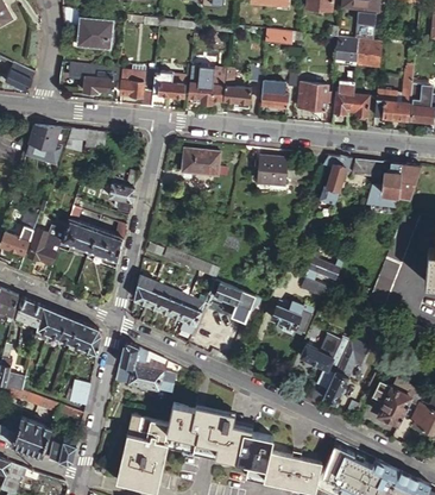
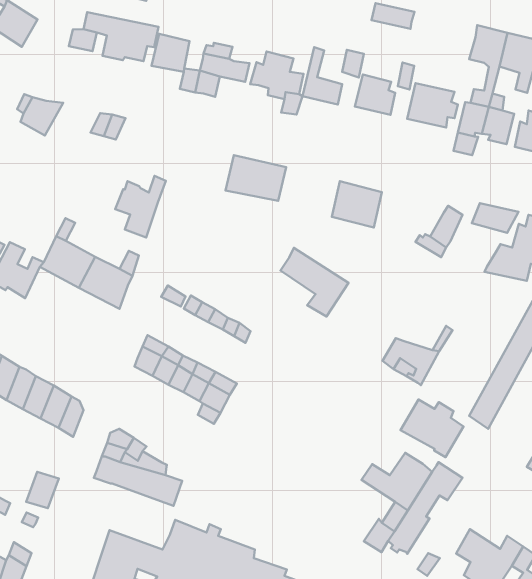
building: [209,278,257,322] -> [280,248,348,316]
building: [270,297,313,334] -> [400,400,464,457]

